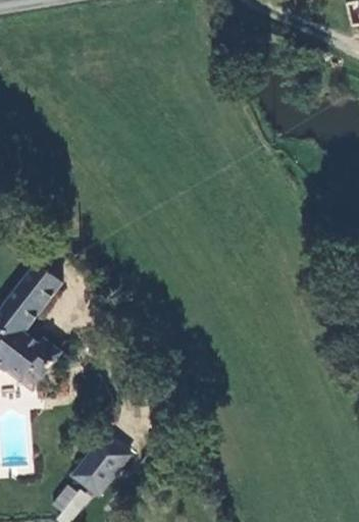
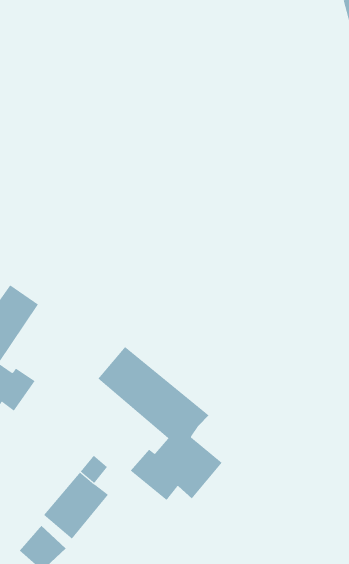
building: none -> [98,346,222,501]

